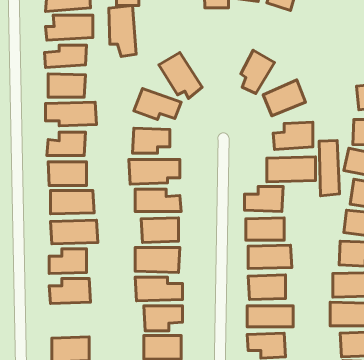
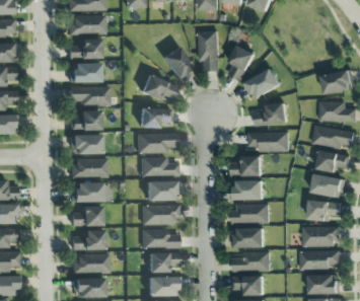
building: [109,6,136,57] -> [199,29,221,71]
building: [319,141,340,196] -> none
building: none -> [74,253,110,273]

